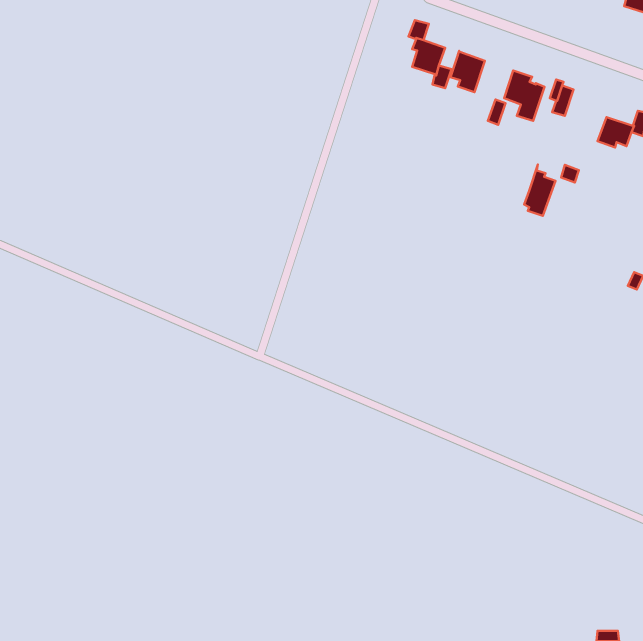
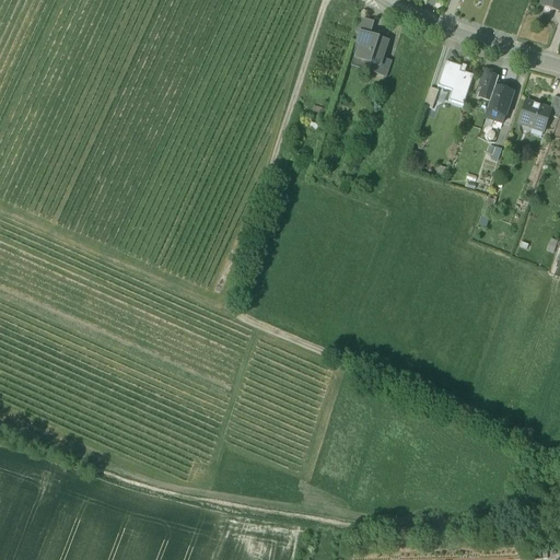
building: [451,51,485,92] -> none
building: [524,164,556,216] -> [487,78,514,122]

